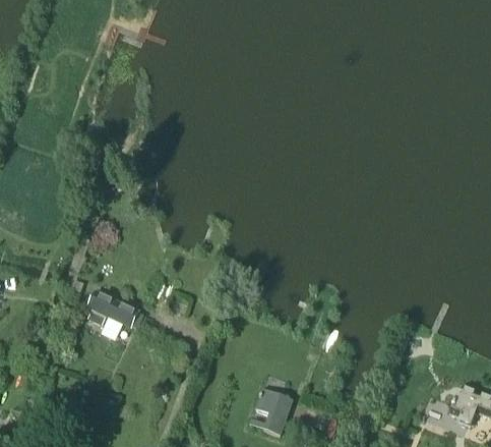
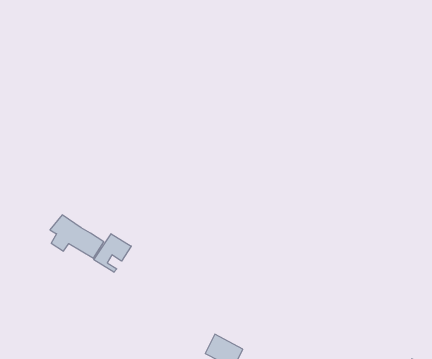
building: none -> [94,234,131,272]

